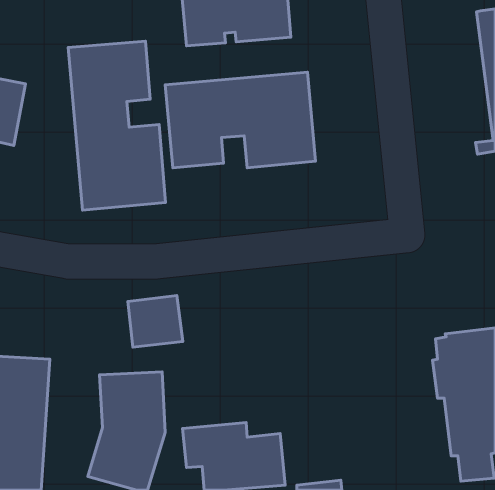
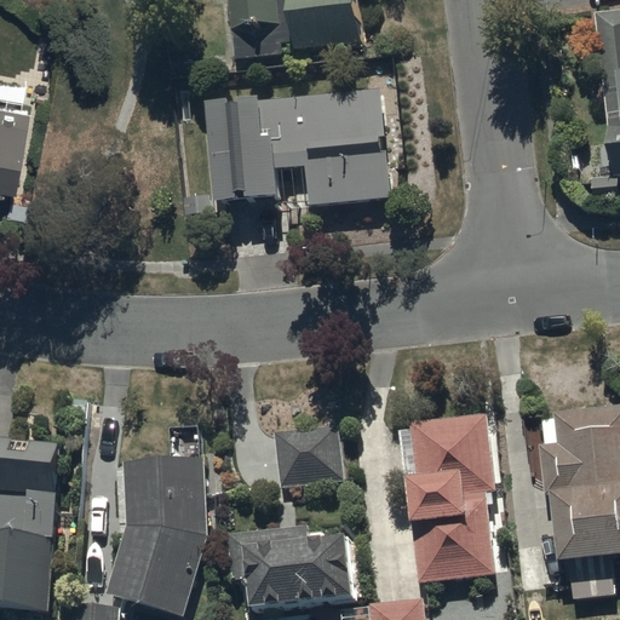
building: [68,41,165,210] -> none
building: [128,295,183,347] -> [271,419,339,483]
building: none -> [397,413,495,582]

